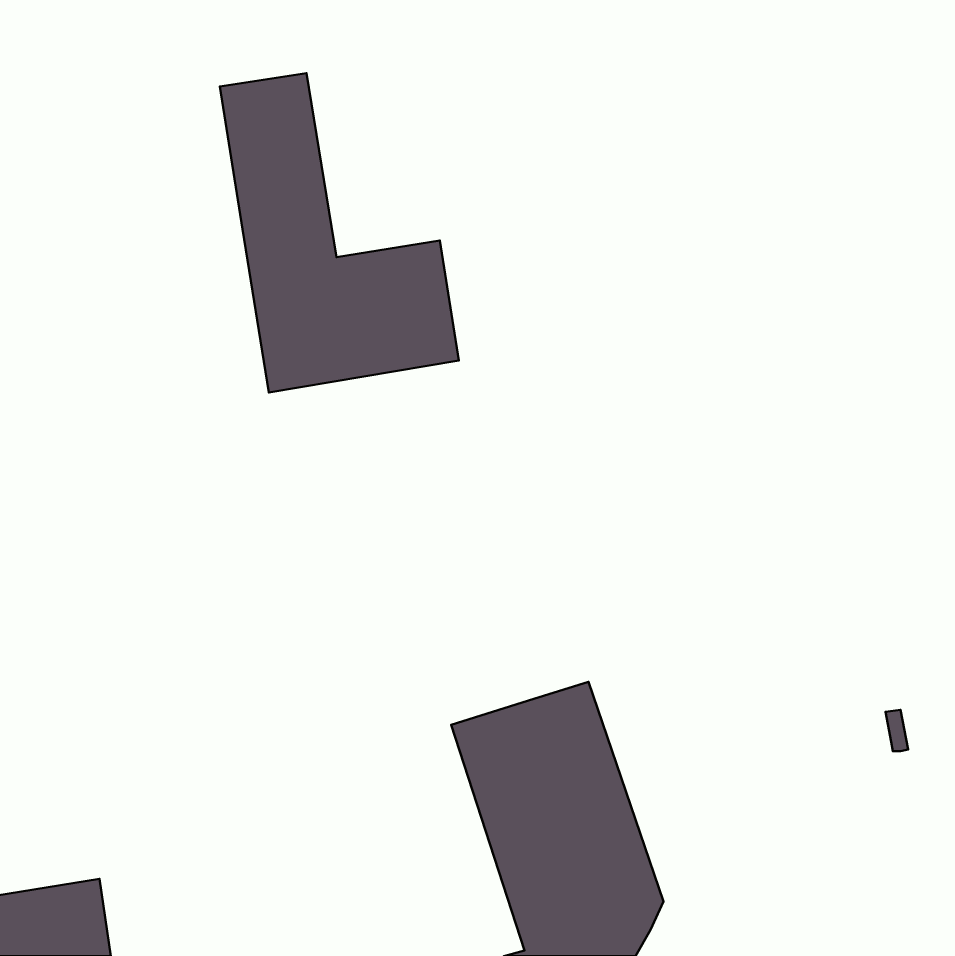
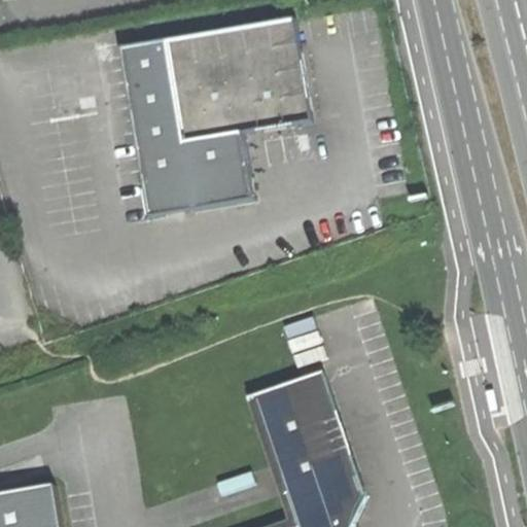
building: none -> [168,20,311,141]

